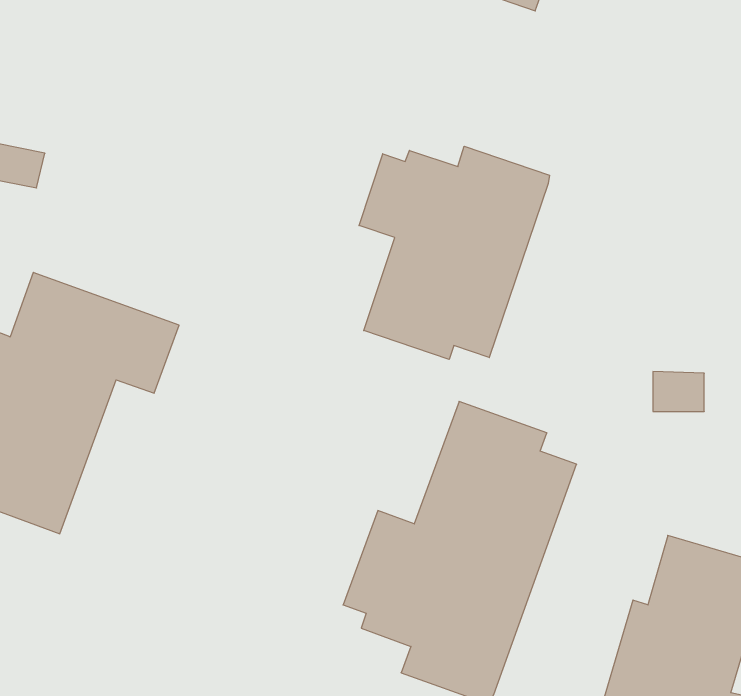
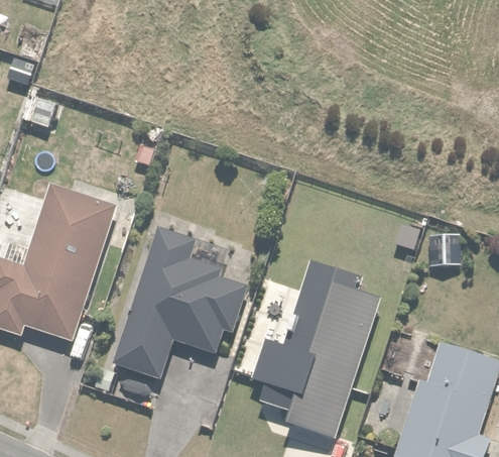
building: [359,146,550,359] -> none
building: none -> [113,226,247,379]

